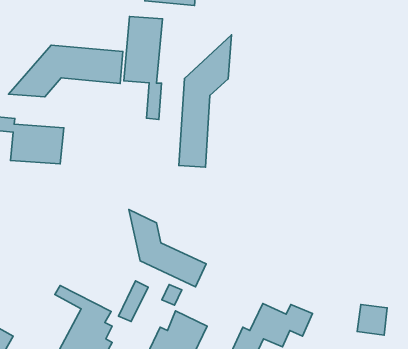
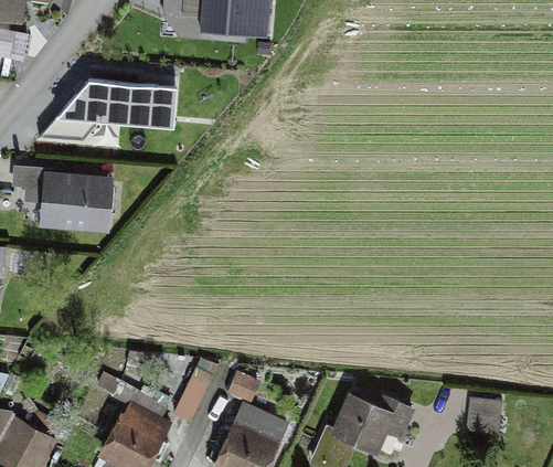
building: [124,17,163,119] -> none
building: [179,35,231,167] -> none
building: [129,209,206,287] -> none

